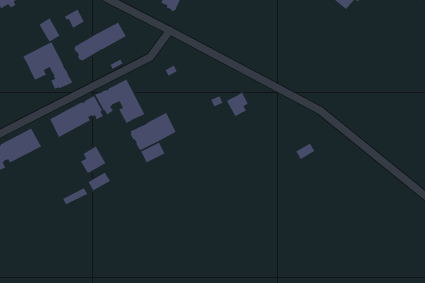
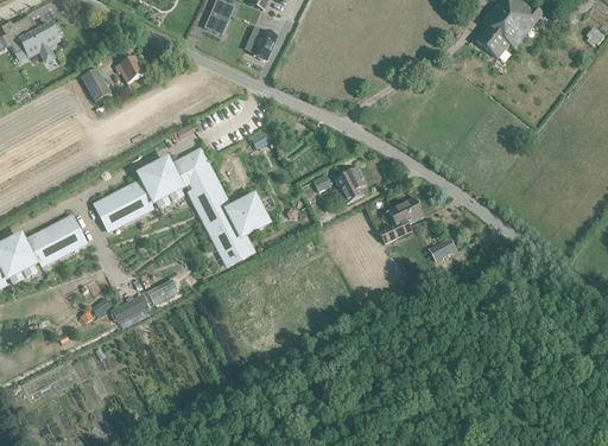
building: [73,21,127,62] -> none
building: [22,41,73,90] -> none
building: none -> [381,198,422,242]
building: [80,145,106,174] -> none

